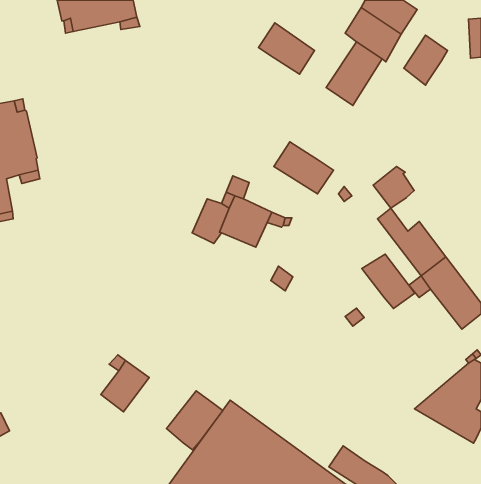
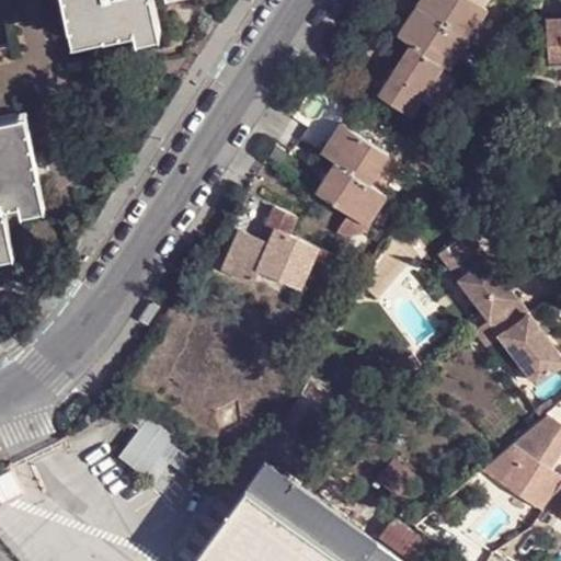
building: [259,23,315,74] -> [321,128,386,187]
building: [404,35,447,85] -> none
building: [373,166,414,208] -> none
building: [362,254,415,309] -> none
building: [167,391,223,450] -> none

